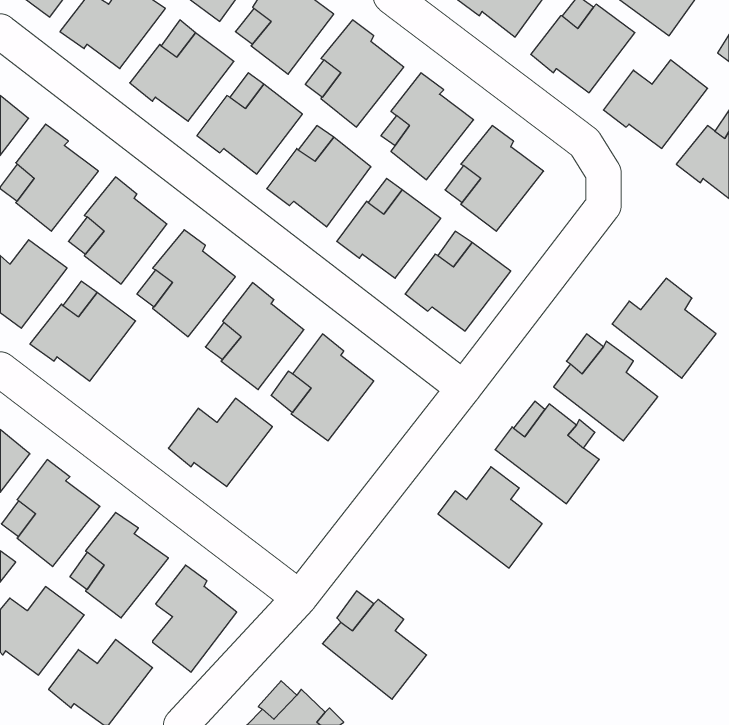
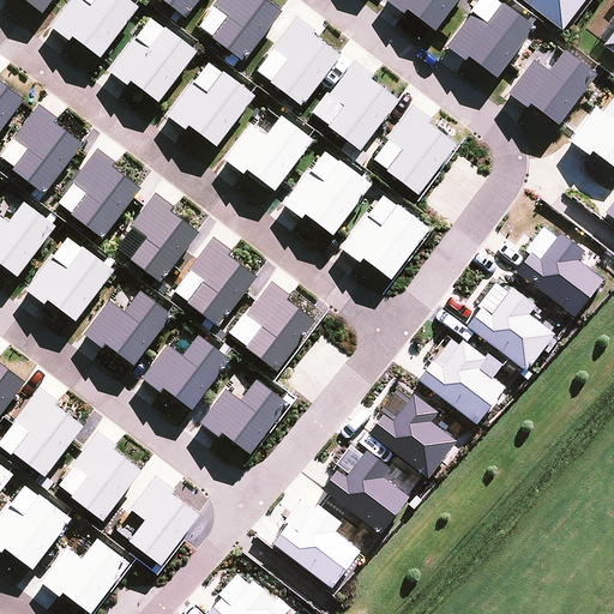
building: none -> [83,290,170,365]
building: none -> [199,379,288,453]
building: none -> [321,450,409,534]

